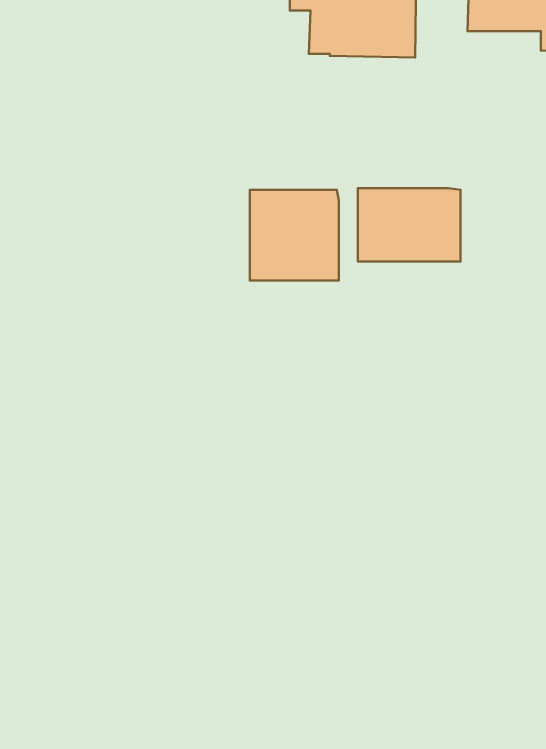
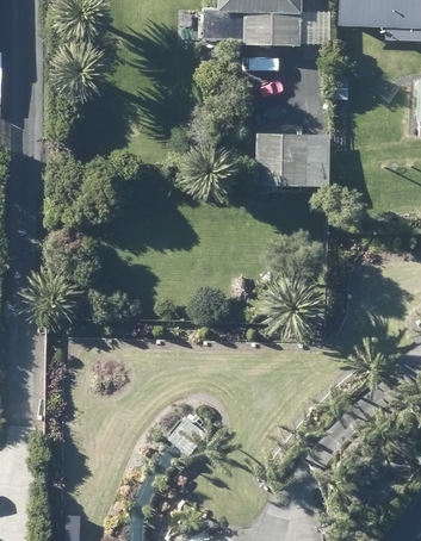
building: [250,190,339,281] -> none

